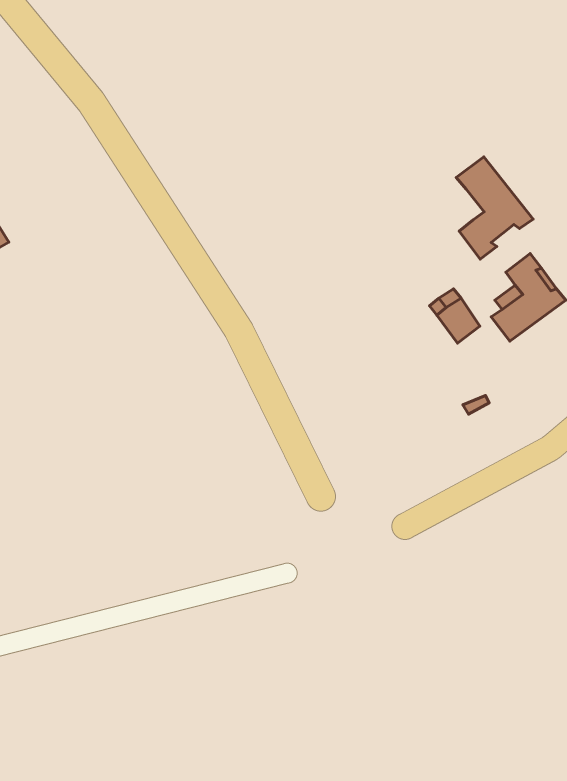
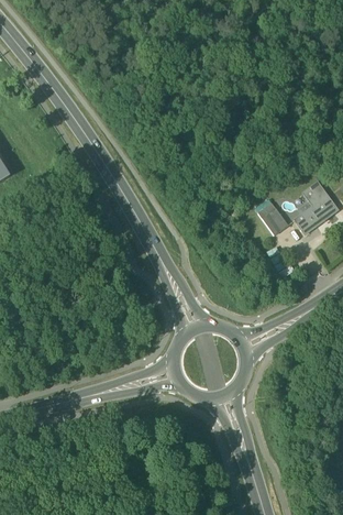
building: [456,157,533,259] -> none

